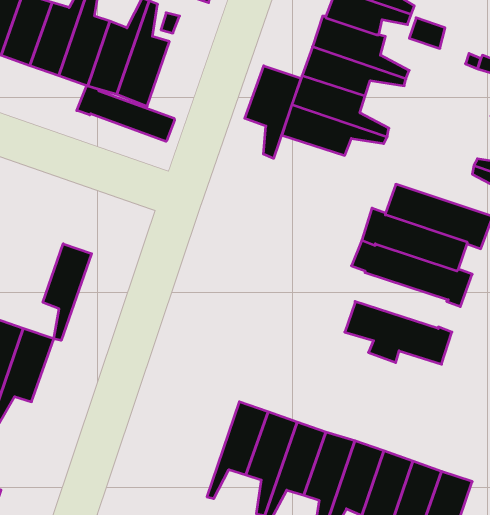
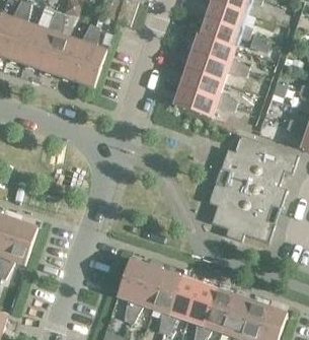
building: [245,66,301,158] -> none
building: [77,85,174,141] -> none
building: [43,244,92,340] -> none
building: none -> [209,183,273,220]
building: none -> [117,258,148,321]

